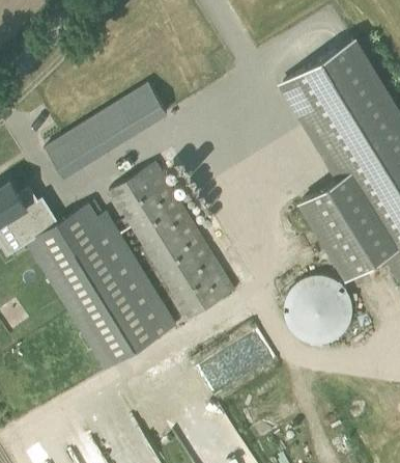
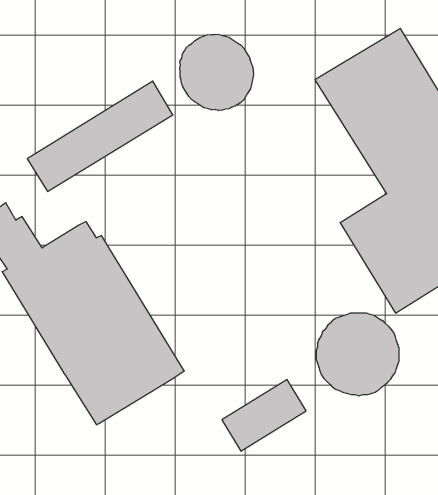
building: none -> [180,34,254,111]
building: [109,163,233,321] -> none

